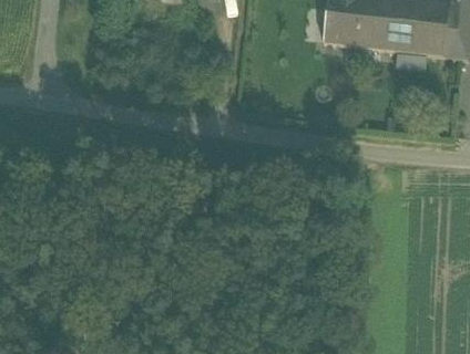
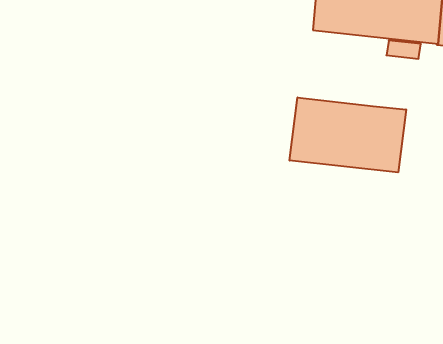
building: none -> [290,97,406,172]

